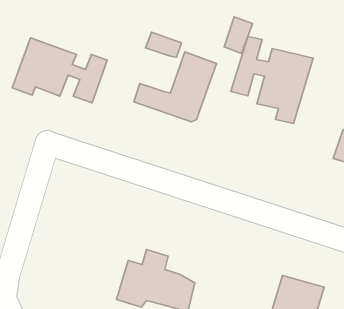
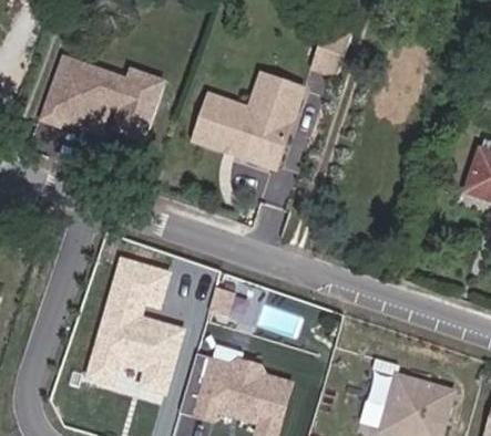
building: [146,32,181,57] -> [205,95,253,128]
building: [231,36,313,123] -> none
building: none -> [82,259,175,390]

